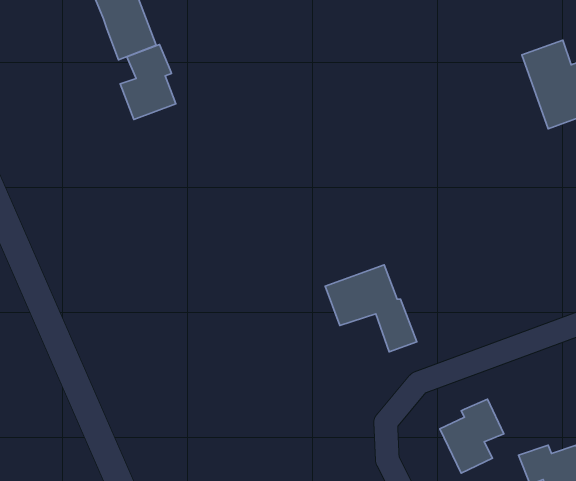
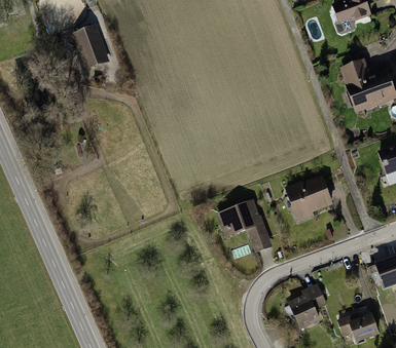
building: [120,45,176,119] -> none
building: none -> [285,177,332,223]

